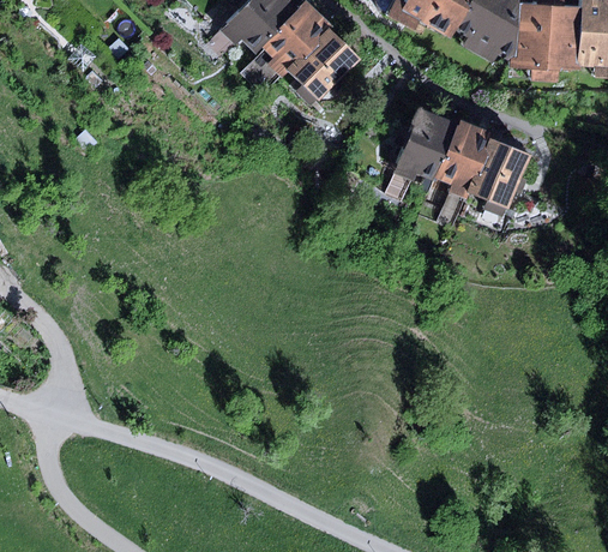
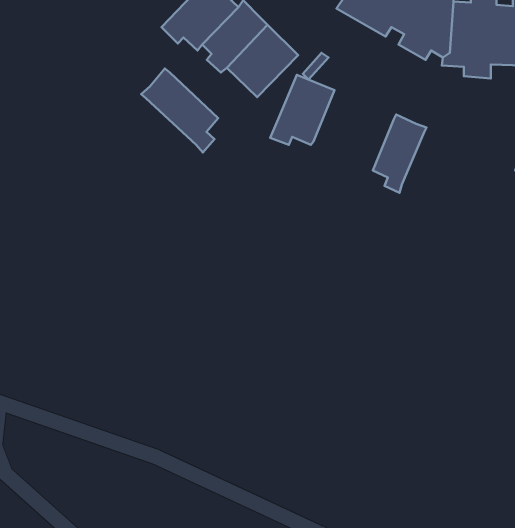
building: none -> [141,68,218,153]
building: [392,108,458,180] -> [270,75,334,145]
building: [466,137,530,209] -> none

